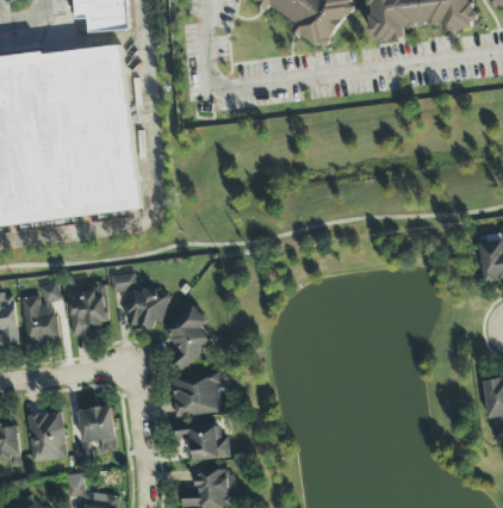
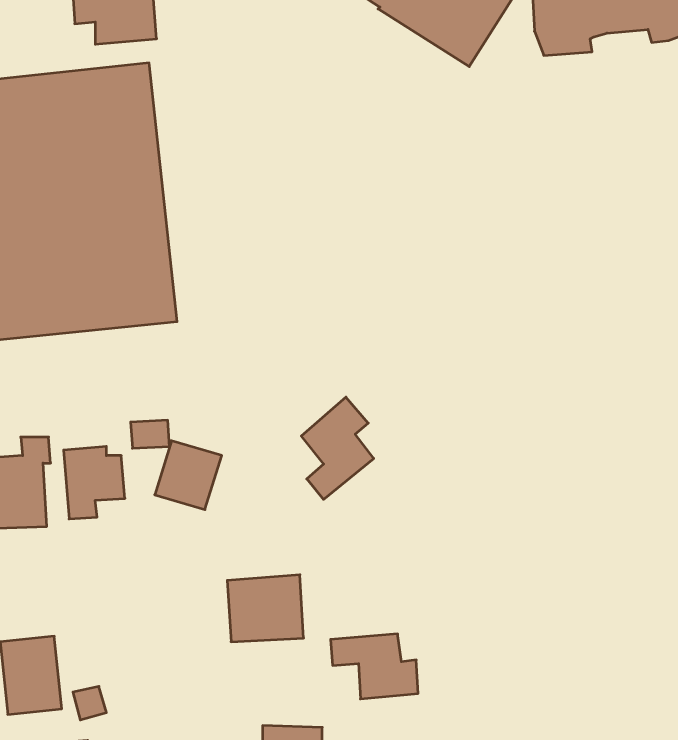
building: [164,304,211,370] -> [301,397,374,499]
building: [77,405,116,452] -> none
building: [173,419,229,460] -> [331,634,418,699]

